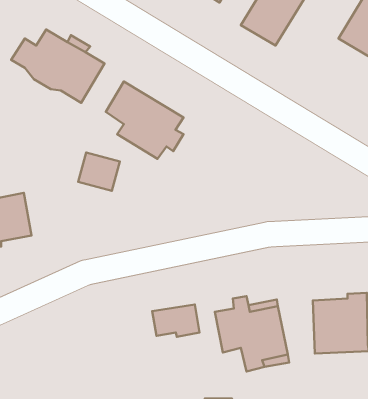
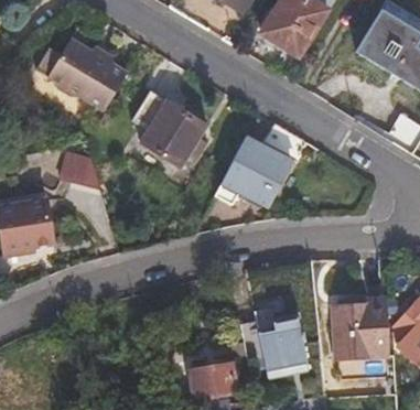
building: none -> [211,122,306,212]
building: [78,153,120,191] -> [62,147,103,184]
building: [152,304,199,337] -> [187,365,234,397]

